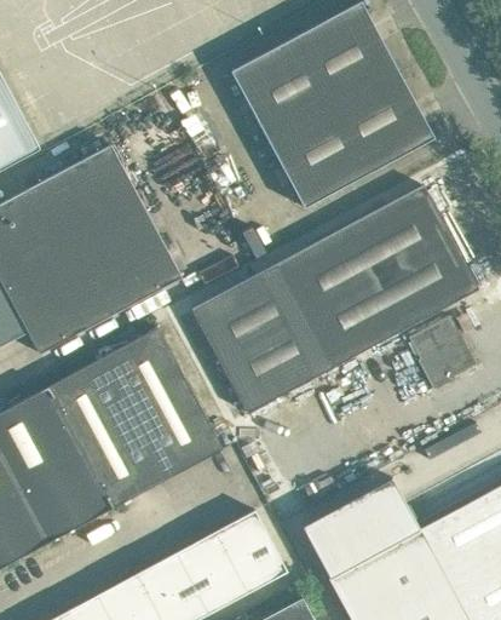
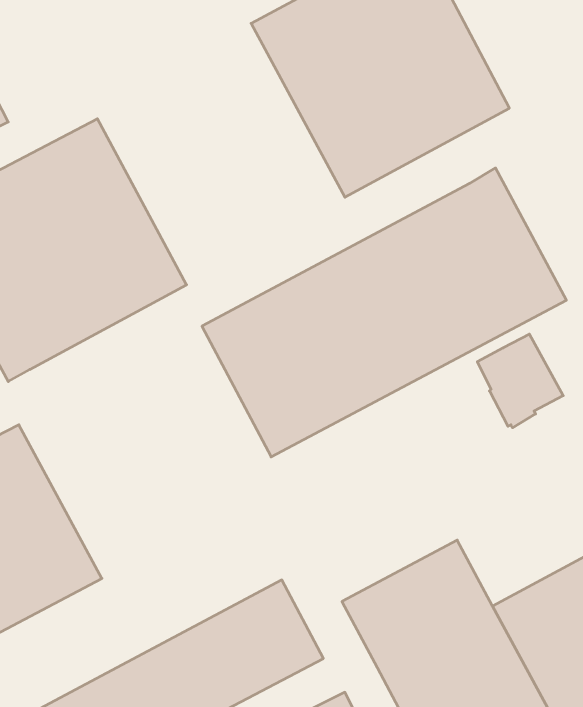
building: [47,328,221,509] -> none

